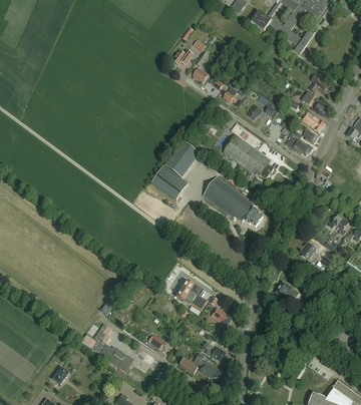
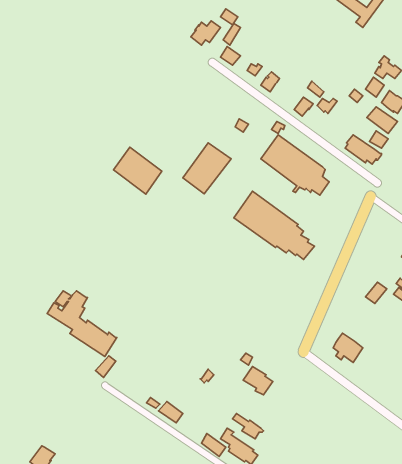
building: [151,165,188,200] -> [114,147,162,194]
building: [175,280,206,313] -> none
building: [81,324,133,373] -> [47,291,117,356]

